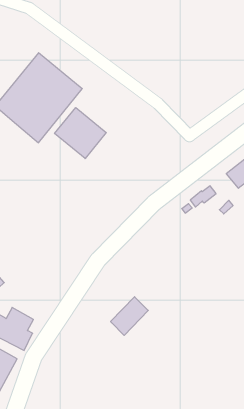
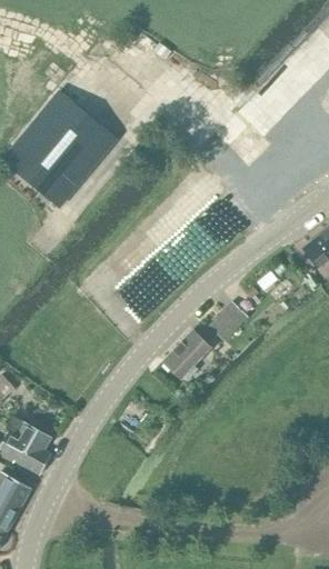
building: [55,108,106,159] -> none
building: none -> [210,302,248,340]
building: [111,297,148,335] -> [162,329,211,379]

